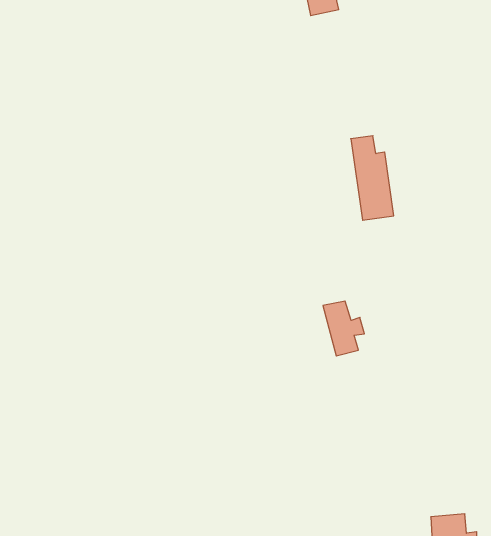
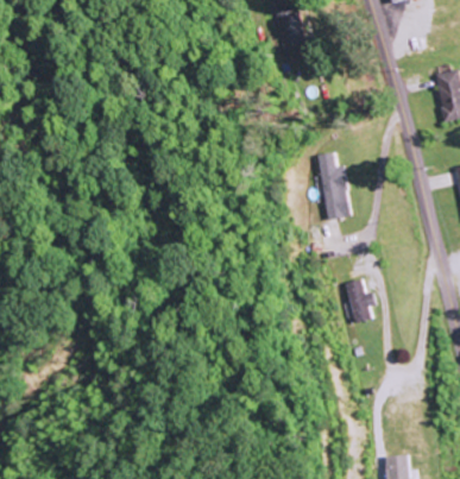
building: [323,301,364,356] -> [342,279,376,323]

